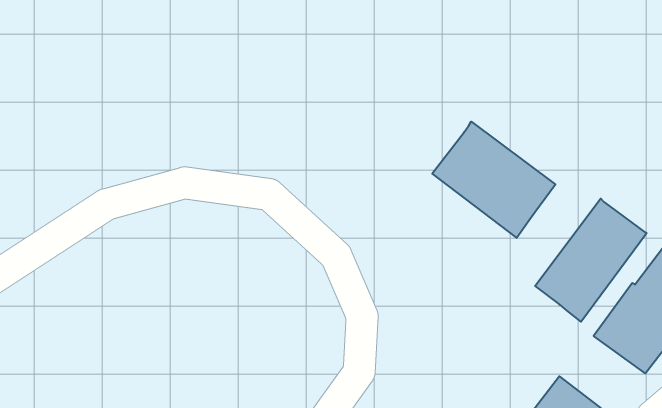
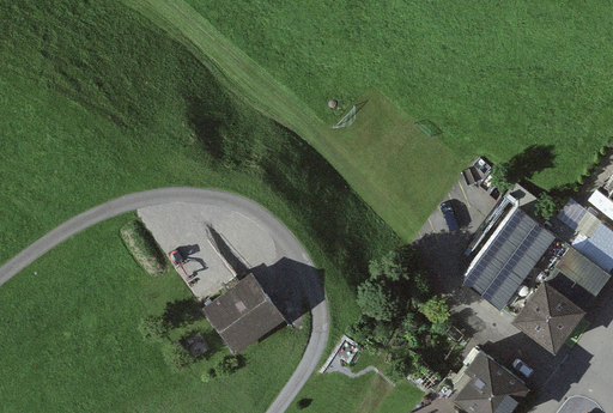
building: [432,122,555,238] -> none
building: none -> [204,277,283,354]

